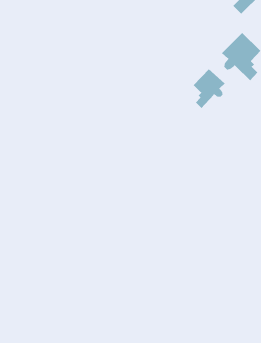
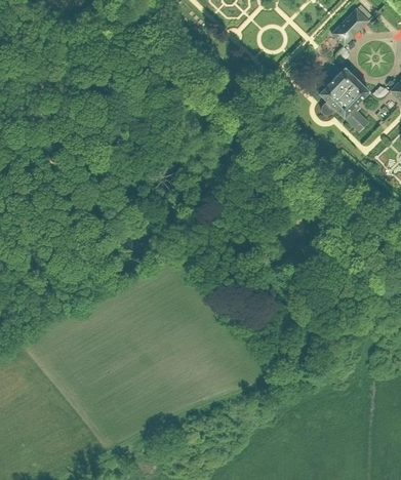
building: [193,69,225,109] -> none

